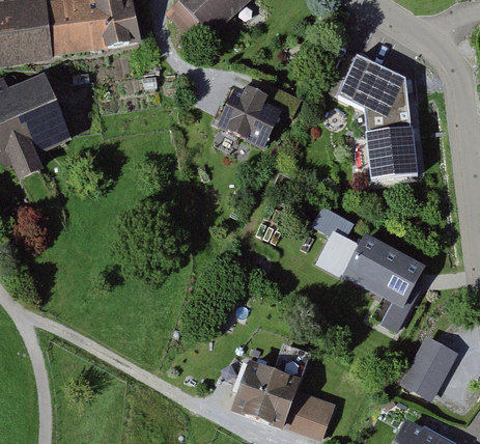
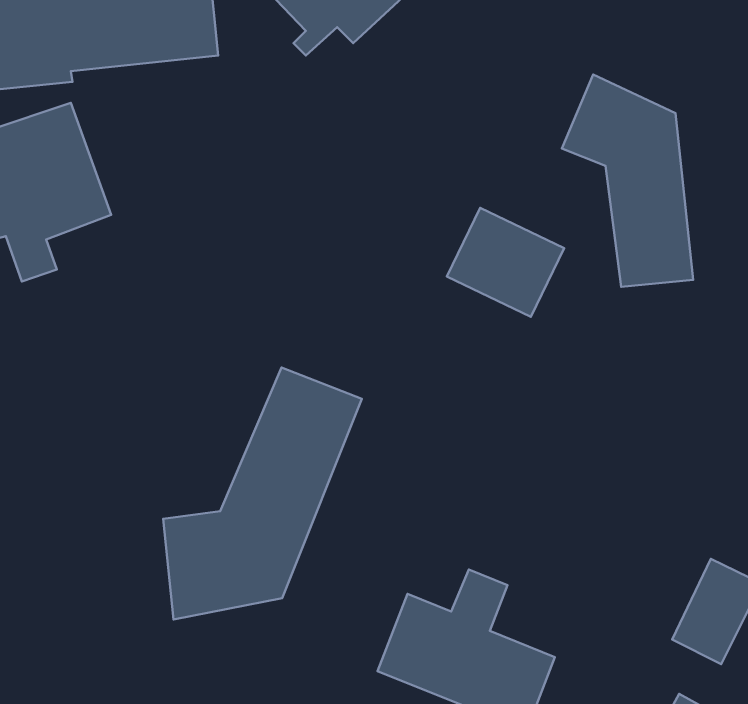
building: [217,80,286,144] -> [447,208,564,317]
building: [312,206,425,335] -> none
building: none -> [163,367,362,619]

